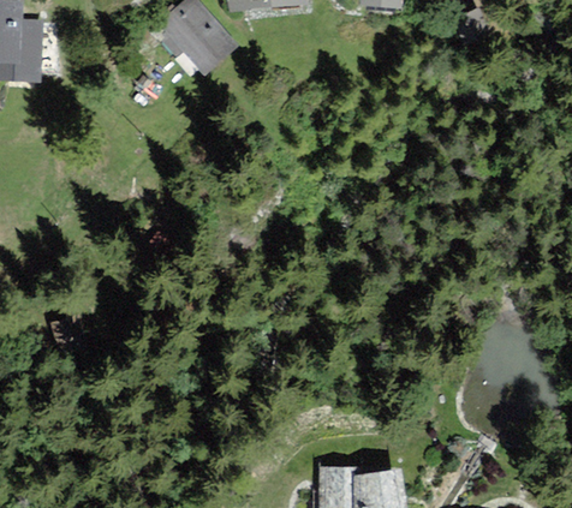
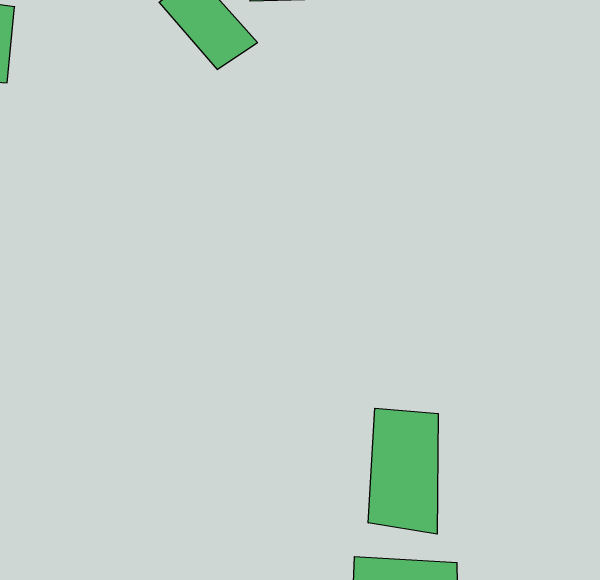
building: none -> [368,408,438,534]

